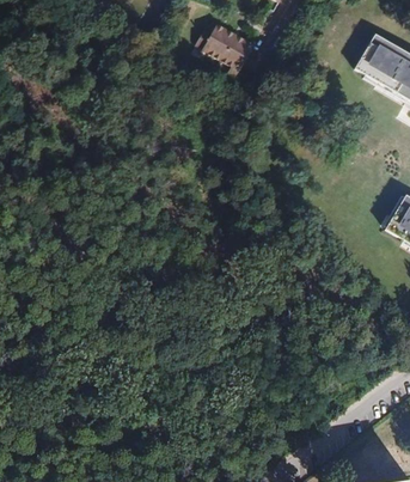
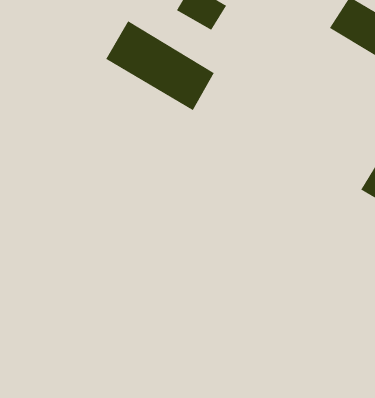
building: none -> [105,20,215,111]

